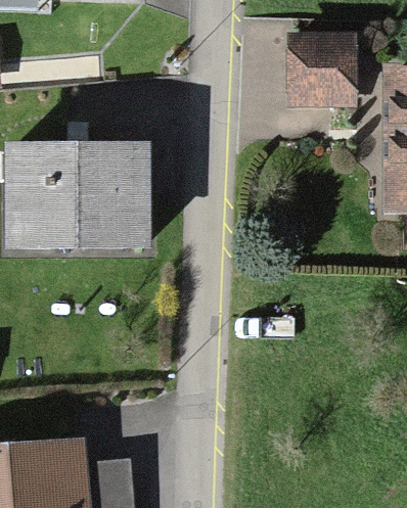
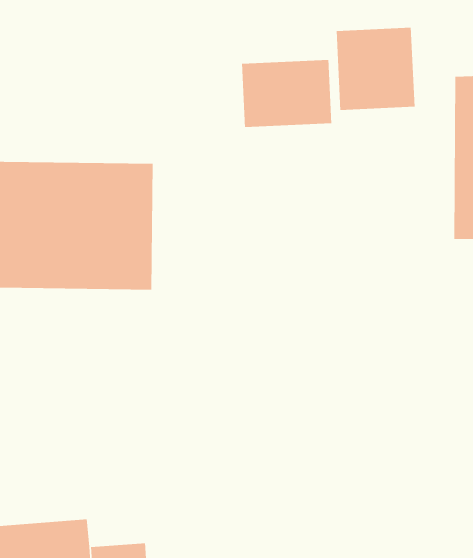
building: none -> [241,59,332,128]

